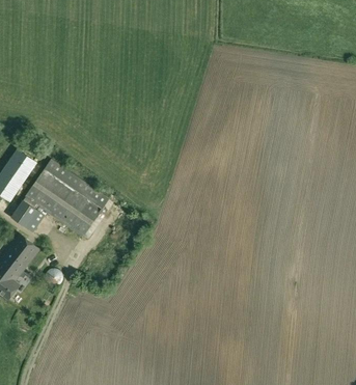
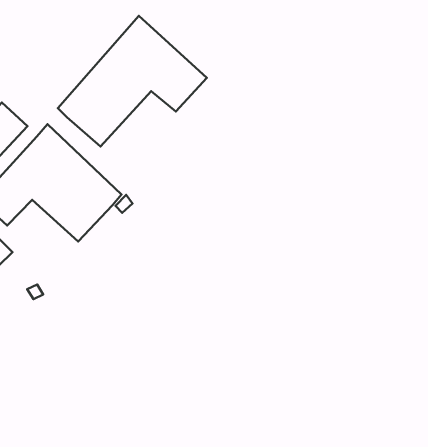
building: none -> [58,16,207,146]

